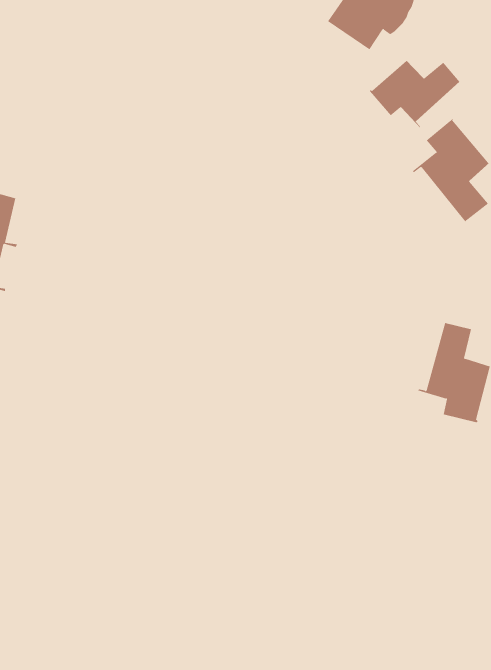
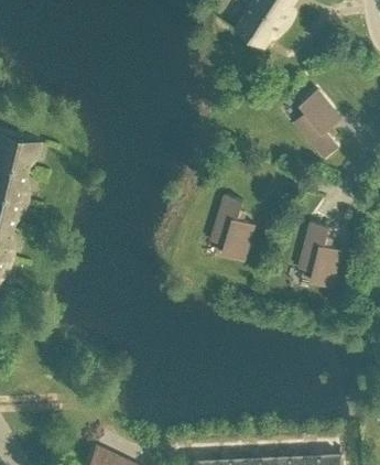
building: [369,59,460,129] -> none
building: none -> [207,195,257,261]

